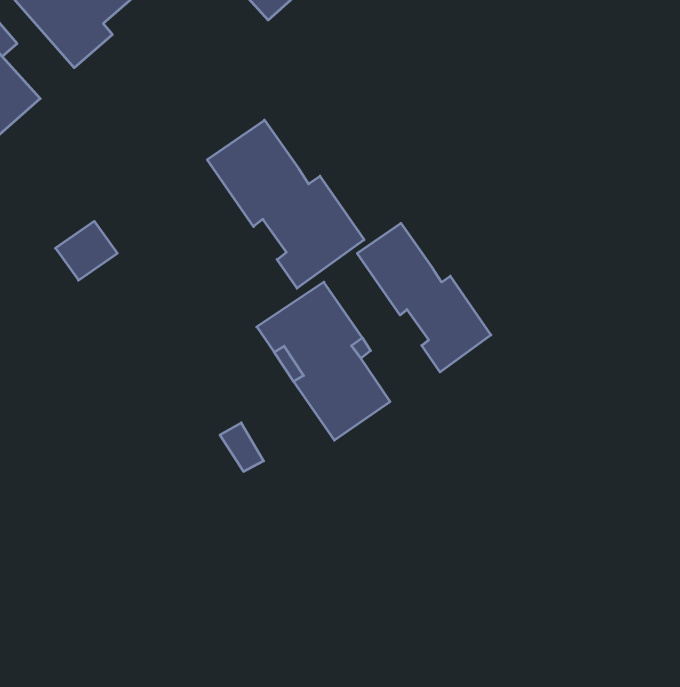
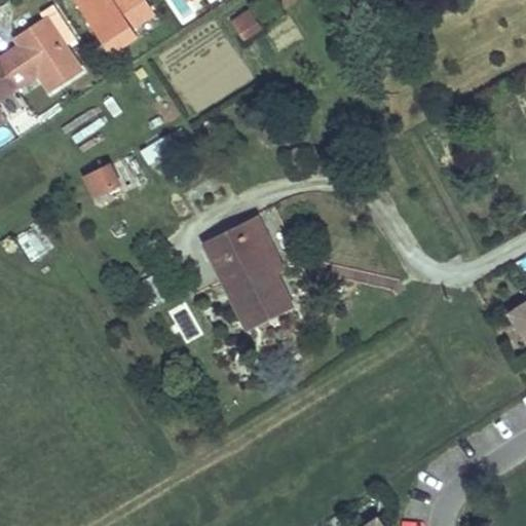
building: [207,120,364,288] -> none
building: [357,223,491,372] -> none

